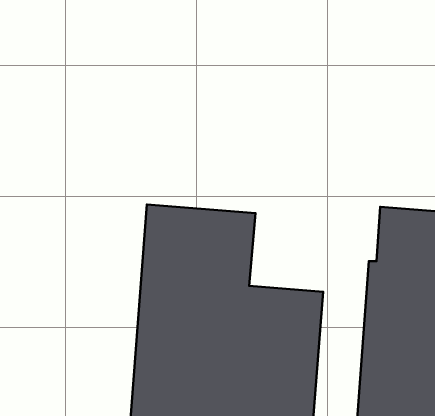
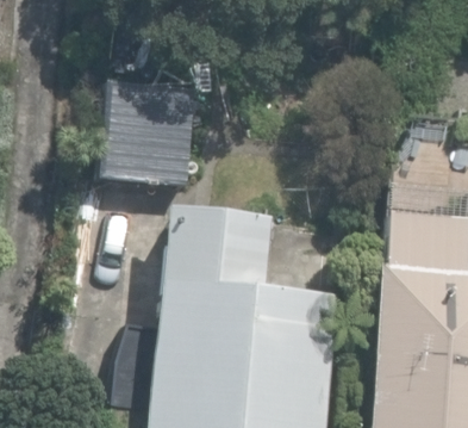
building: none -> [99,79,193,184]

